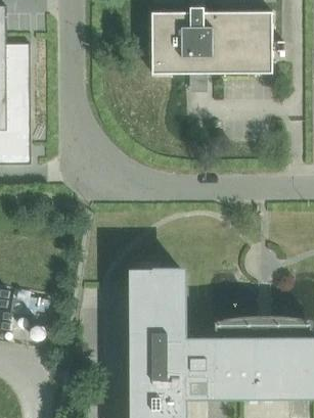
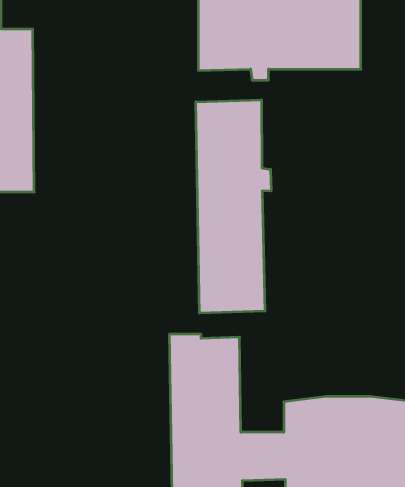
building: none -> [196,100,271,313]

